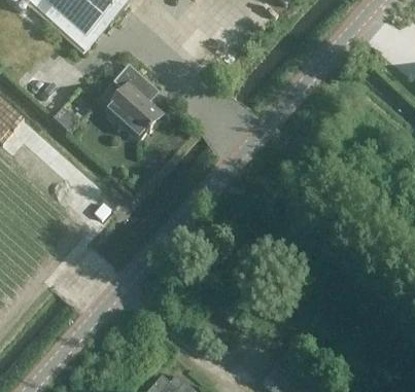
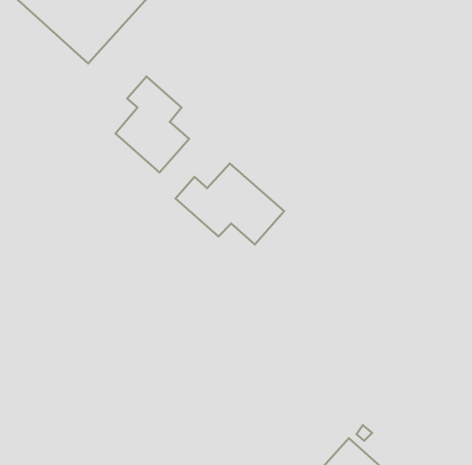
building: none -> [175,163,284,244]

